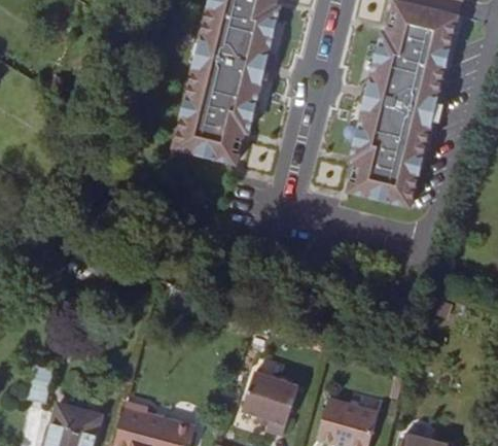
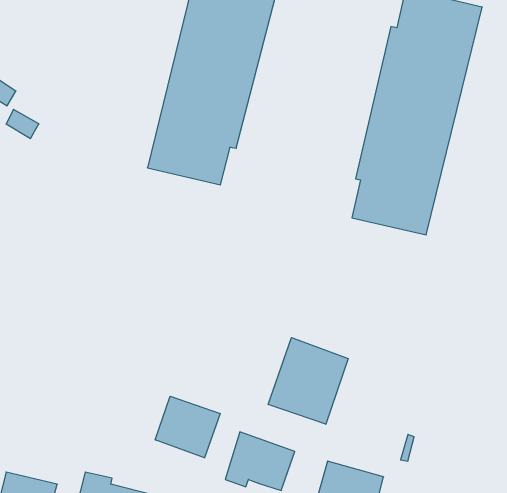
building: none -> [268,338,348,424]
building: none -> [155,396,220,458]

